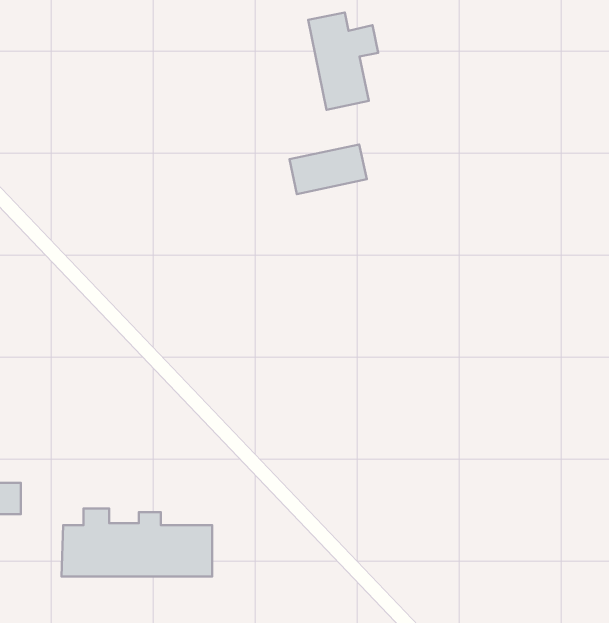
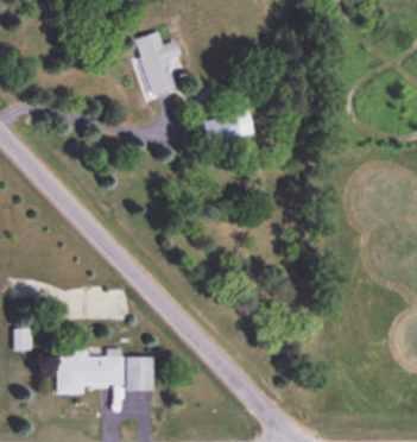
building: [308,12,378,110] -> [135,32,181,95]

